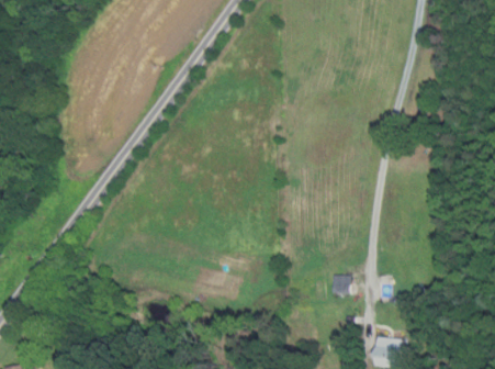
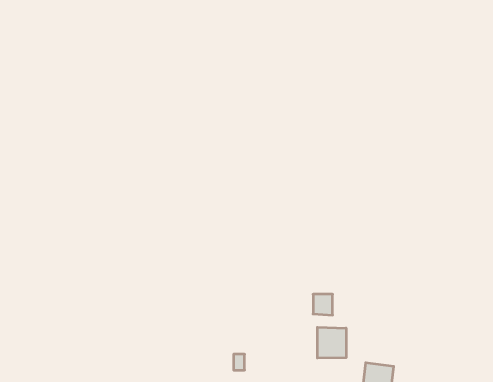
building: none -> [317,327,346,358]

